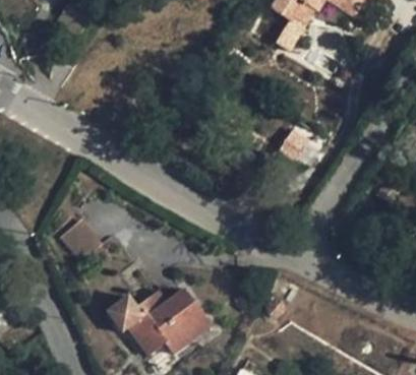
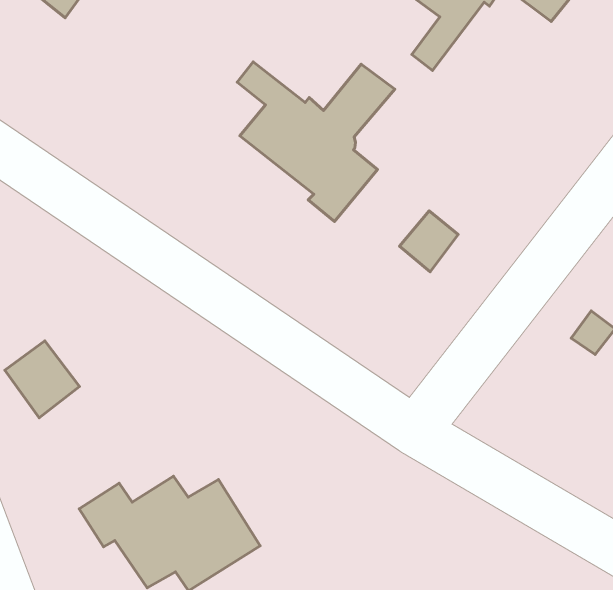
building: none -> [237,62,395,222]

